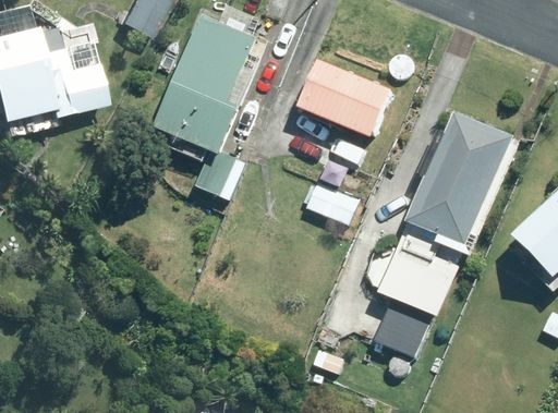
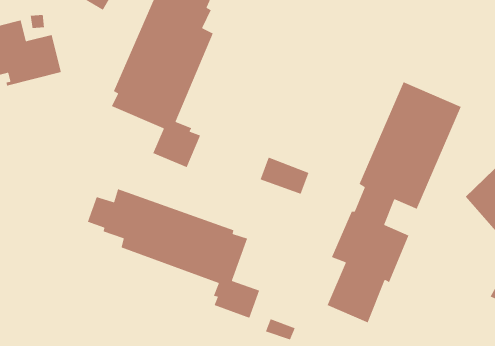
building: [298,57,391,135] -> none
building: none -> [87,188,260,319]

